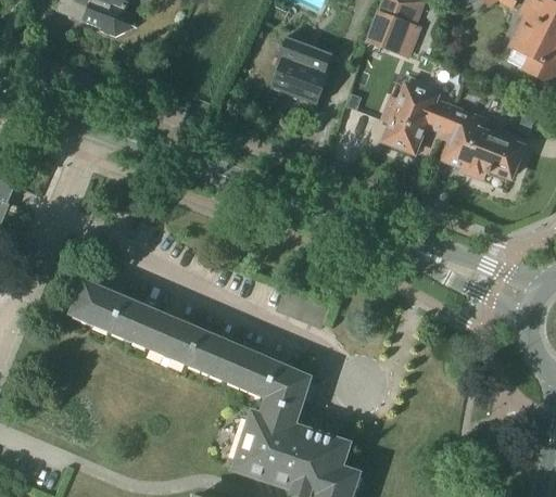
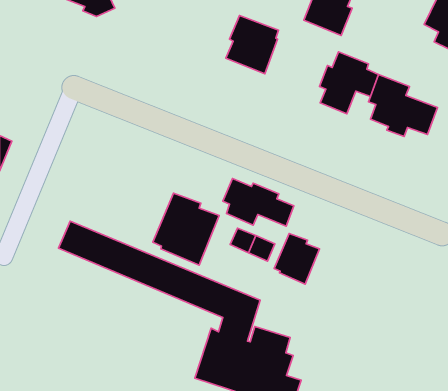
building: none -> [223,179,294,226]
building: none -> [153,193,219,265]
building: none -> [274,234,320,284]

